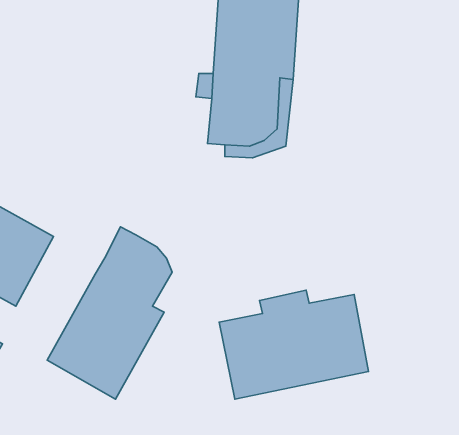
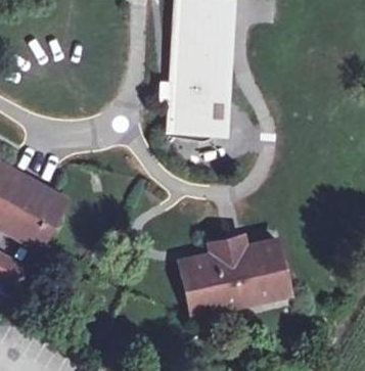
building: [47,227,172,399] -> none

